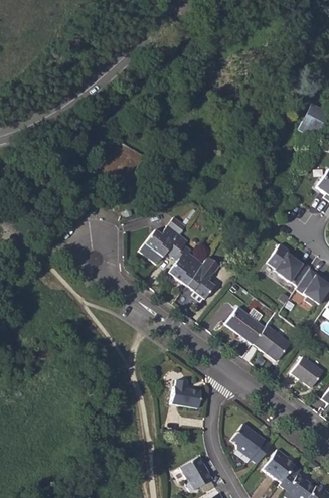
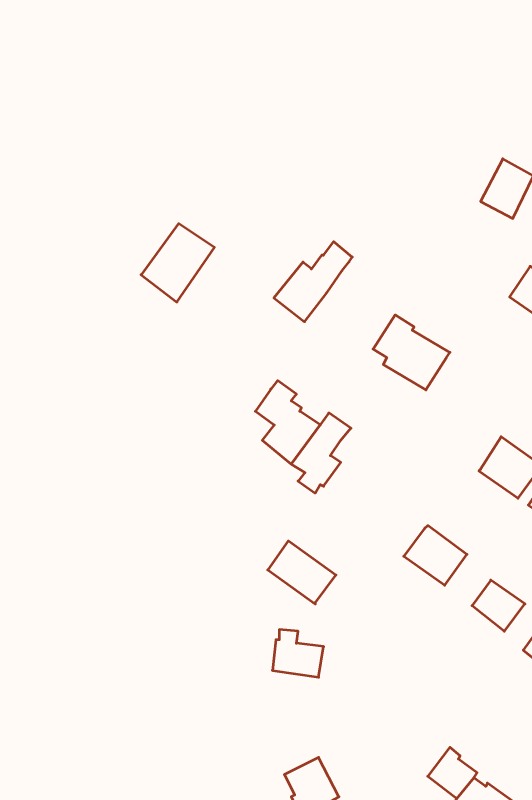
building: [134,223,180,271] -> [274,242,352,322]
building: [267,243,312,288] -> [373,315,450,390]
building: [224,303,265,340] -> [268,541,336,604]
building: [233,426,274,466] -> none

